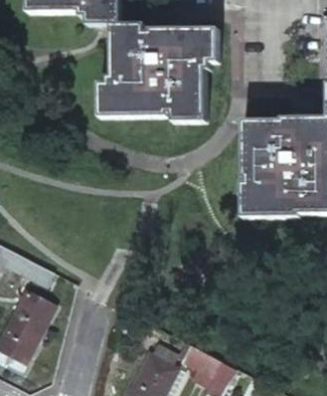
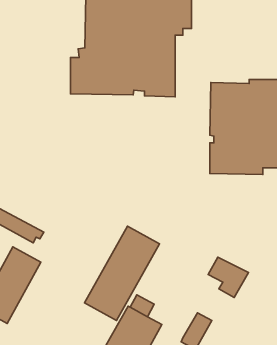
building: none -> [84,226,160,321]
building: [182,343,224,385] -> [208,257,249,297]

